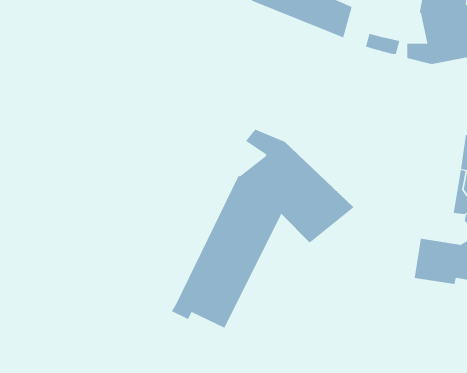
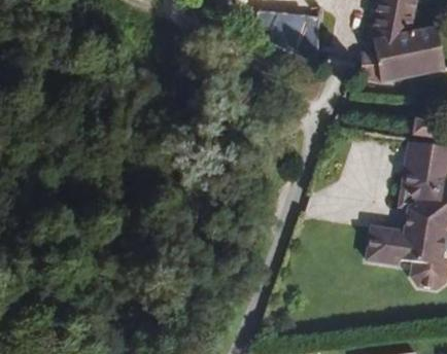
building: [171,129,354,329] -> none

